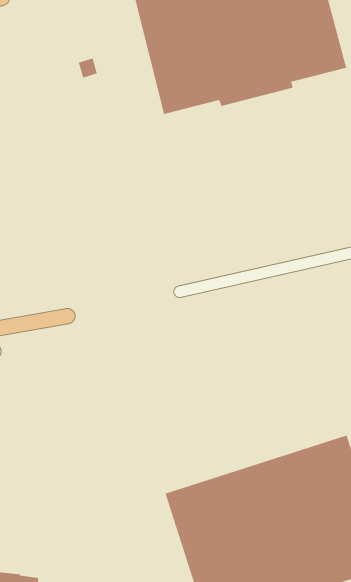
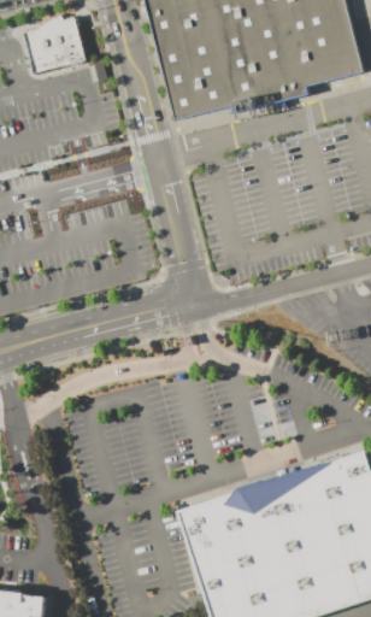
building: none -> [25,16,87,74]

